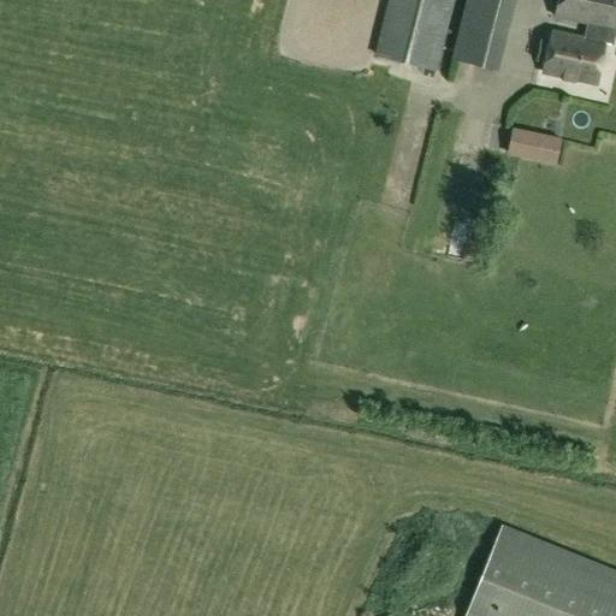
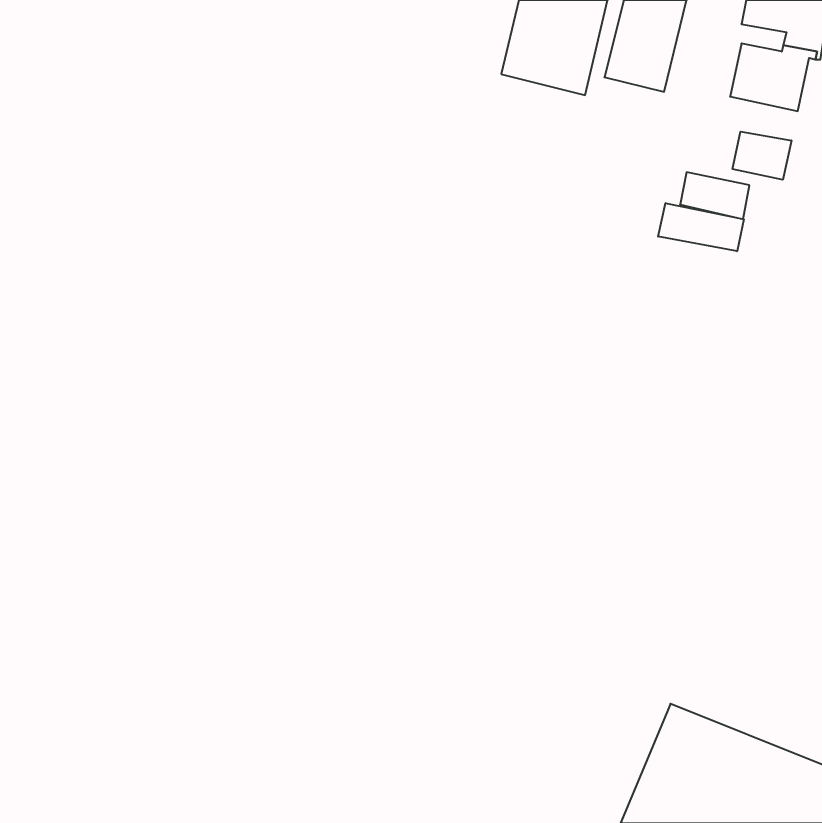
building: none -> [733,132,791,180]
building: none -> [658,203,744,251]

